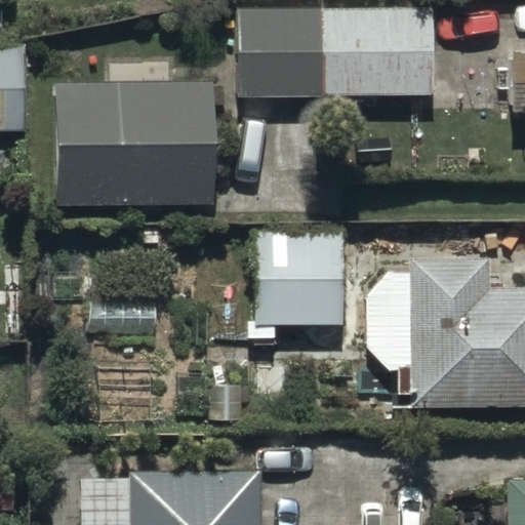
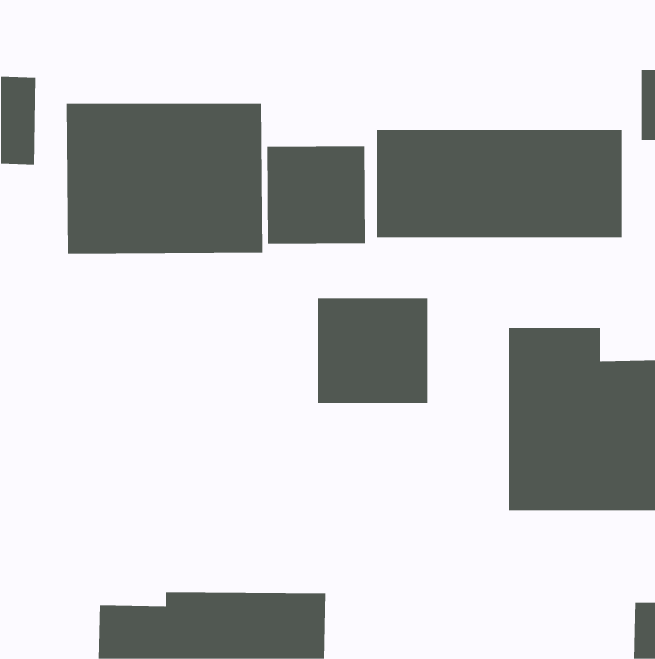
building: [237,10,433,96] -> [376,129,622,238]
building: none -> [267,146,365,244]

